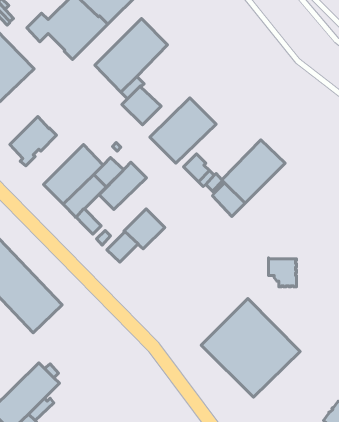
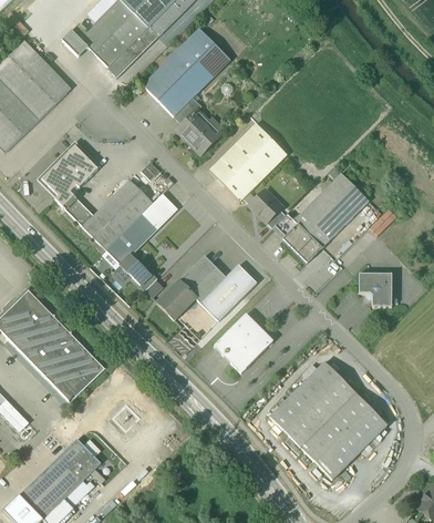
building: none -> [61,193,93,226]
building: [99,162,147,210] -> [200,264,257,320]
building: [268,258,296,287] -> [359,273,392,307]
building: none -> [213,314,272,372]

